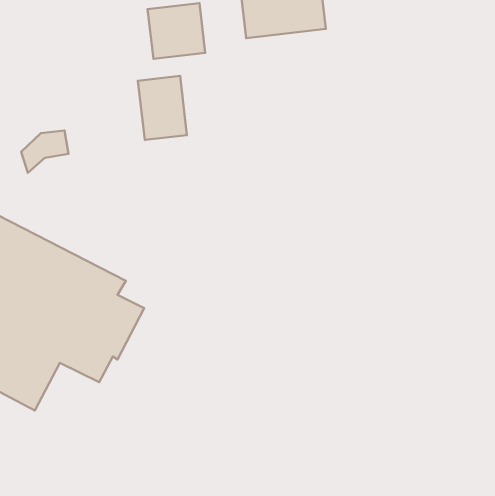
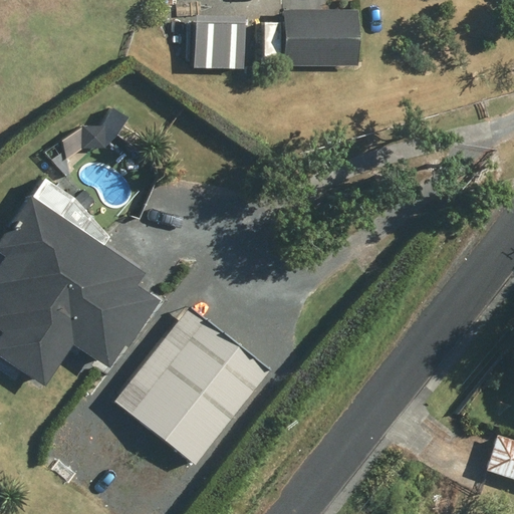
building: [138,76,187,140] -> none
building: none -> [115,307,266,462]

